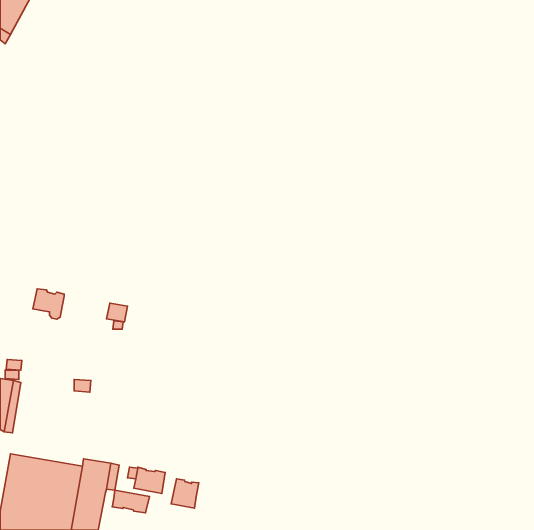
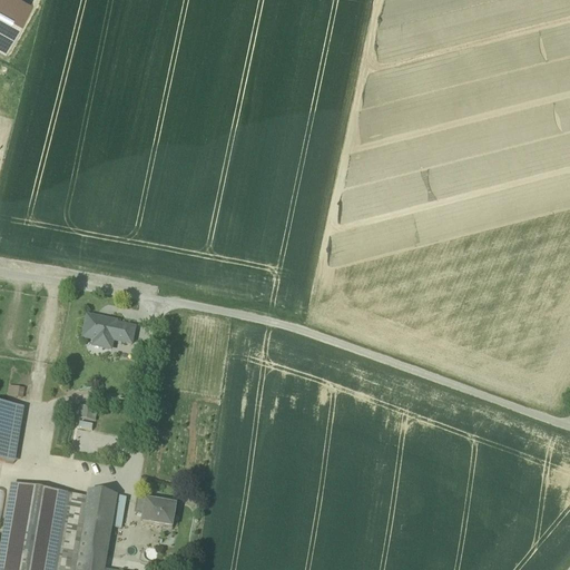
building: [33,289,64,319] -> [83,315,117,347]
building: [171,479,199,508] -> none
building: [112,490,149,513] -> none

